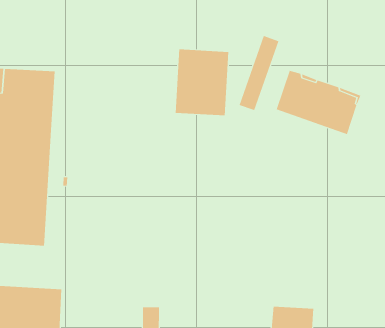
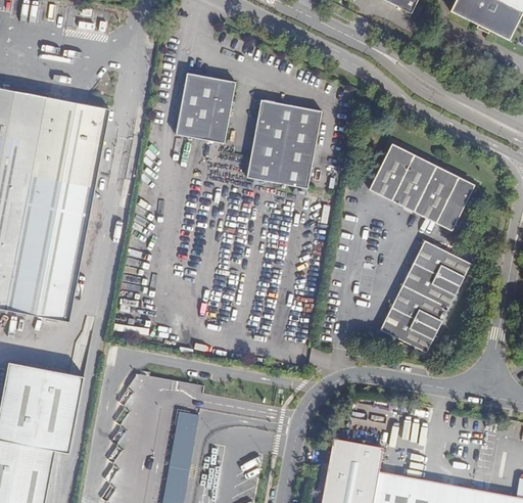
building: none -> [175,74,234,144]
building: [239,35,279,111] -> none
building: none -> [381,241,471,353]

